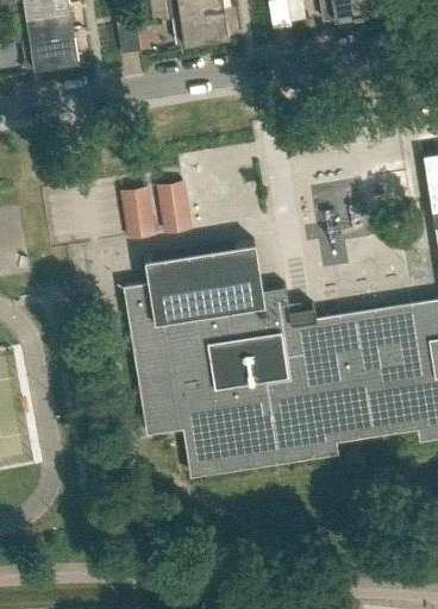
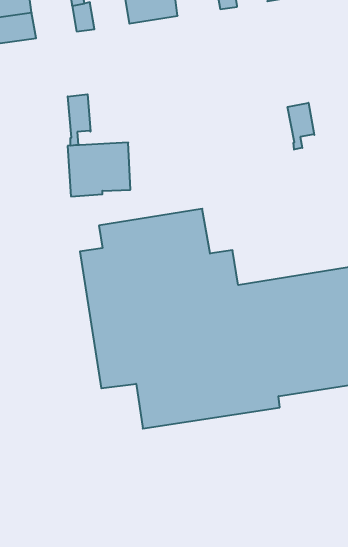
building: none -> [68,94,90,146]
building: none -> [288,103,314,150]

